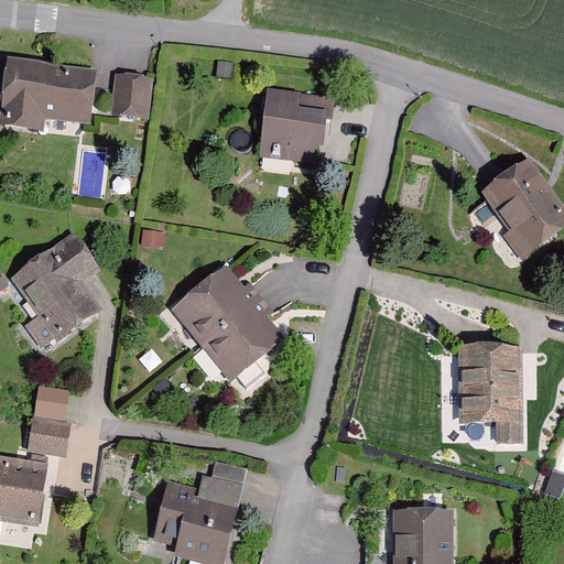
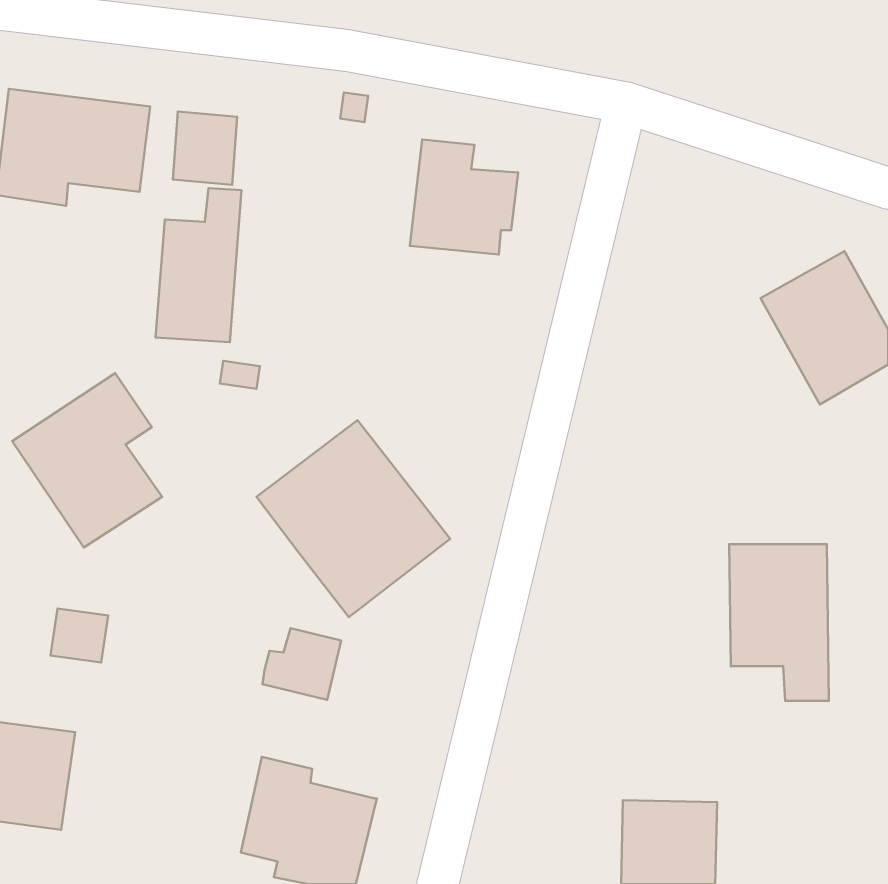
building: none -> [155,188,242,342]
building: [26,416,69,456] -> none
building: [196,459,246,505] -> [263,628,341,700]

